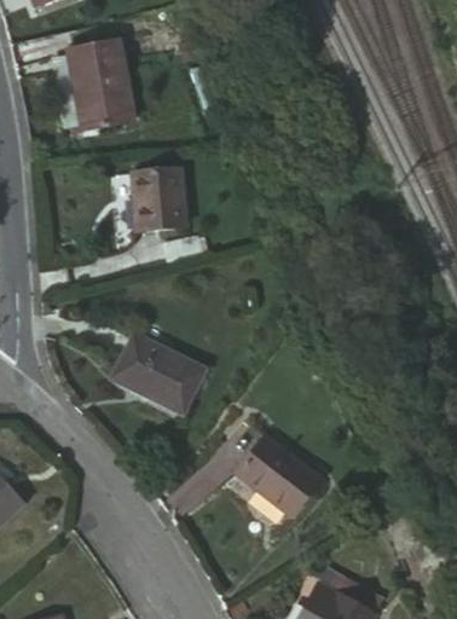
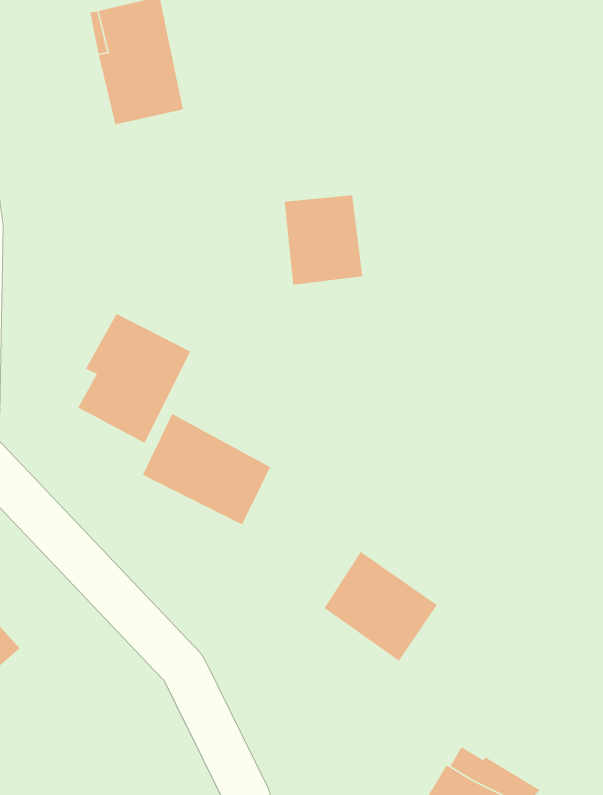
building: [129,163,186,228] -> [284,194,363,285]
building: none -> [77,313,191,444]

